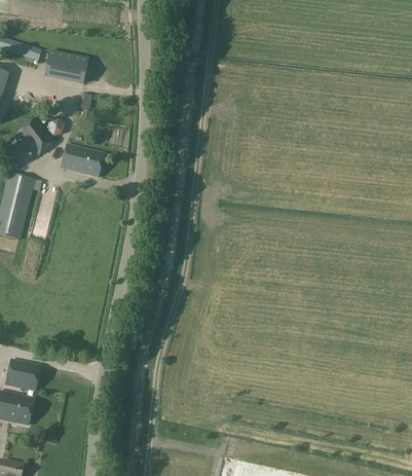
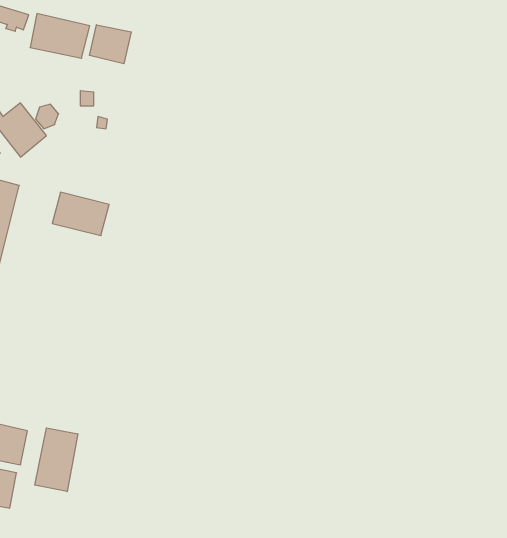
building: none -> [89,25,131,64]
building: [61,144,104,177] -> [52,192,109,236]
building: none -> [35,428,78,492]

